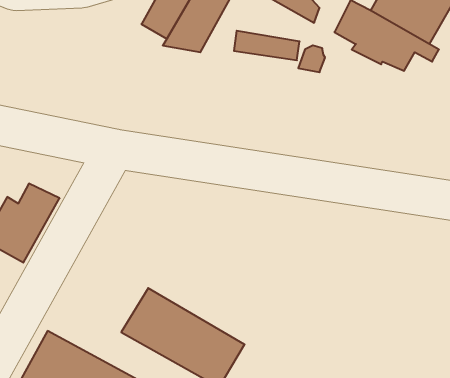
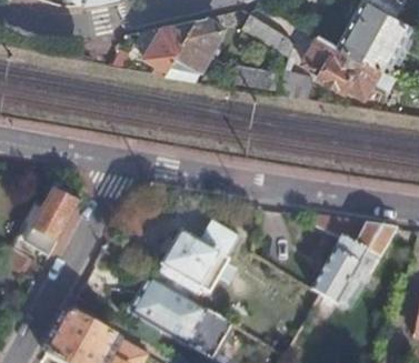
building: none -> [309,216,397,304]
building: none -> [160,219,238,291]

